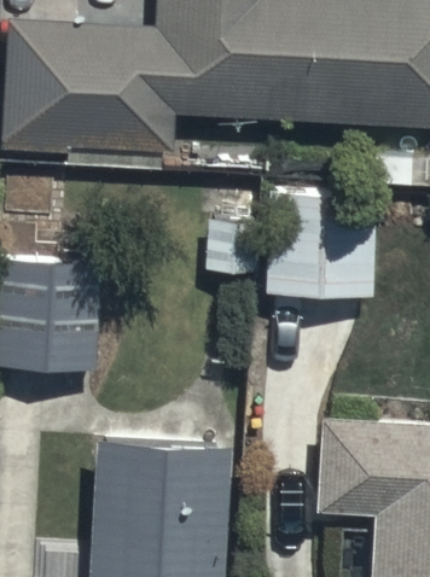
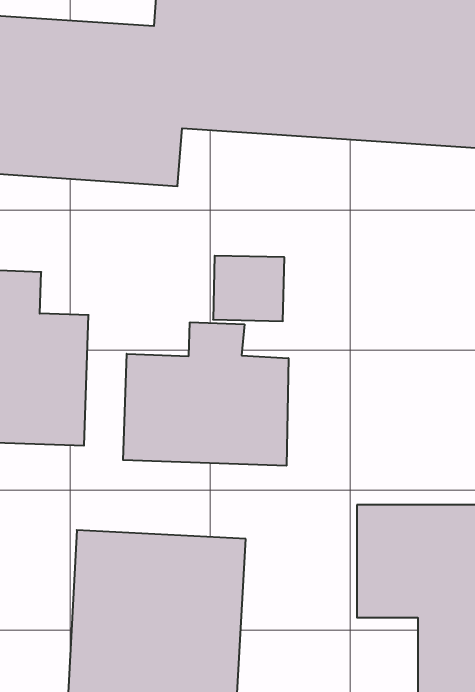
building: [267,214,376,298] -> none
building: none -> [123,322,288,466]

